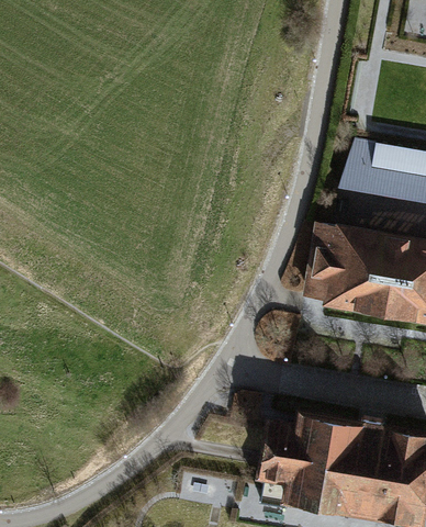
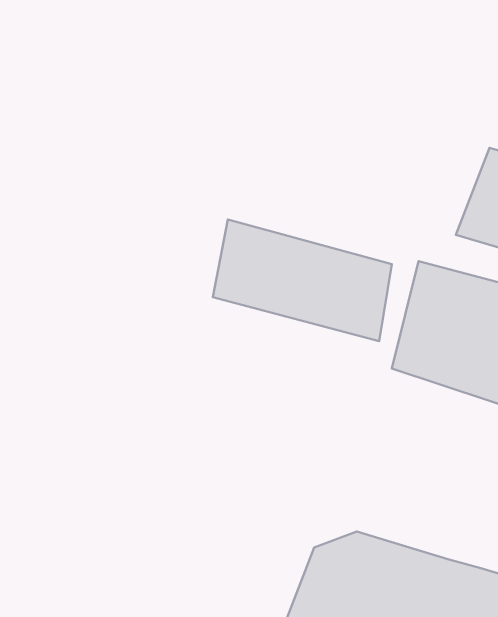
building: none -> [213,220,392,341]

